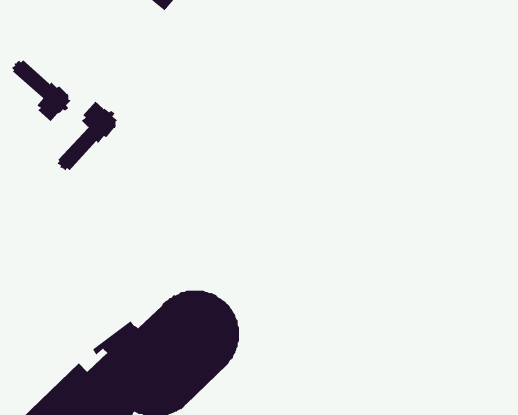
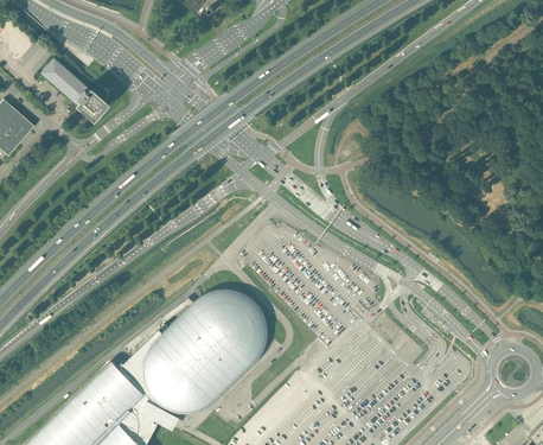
building: [56,101,118,172] -> none

